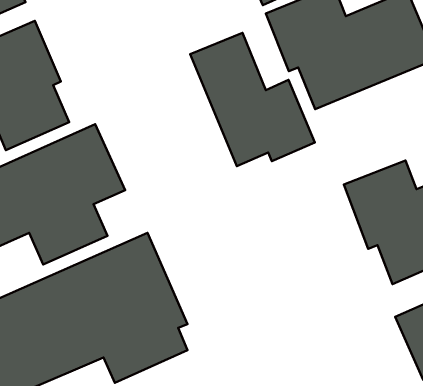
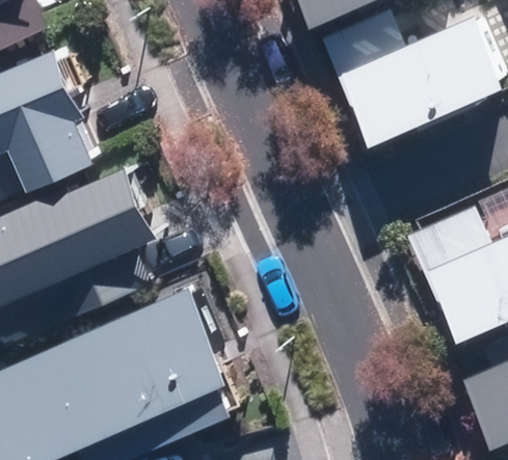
building: [190,33,315,166] -> none

